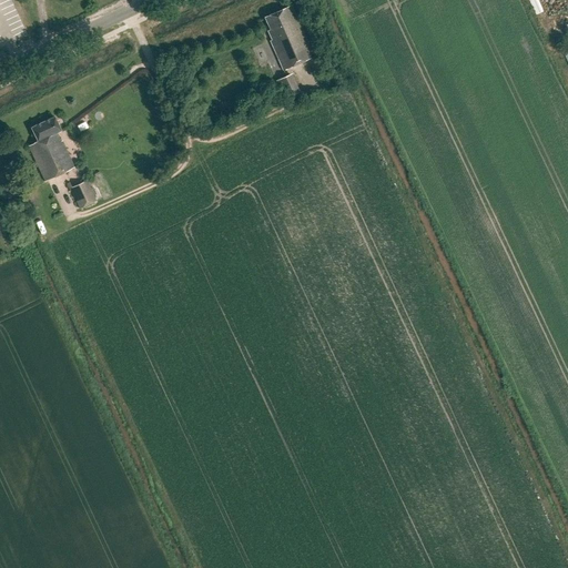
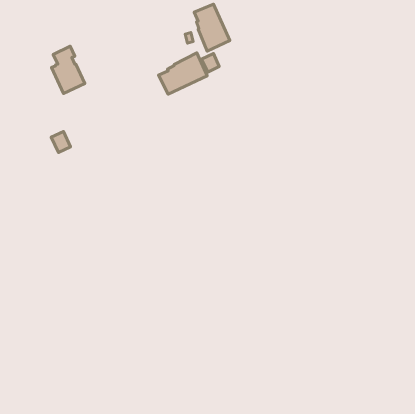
building: none -> [159,53,207,94]
building: [29,116,74,181] -> [51,46,85,93]

